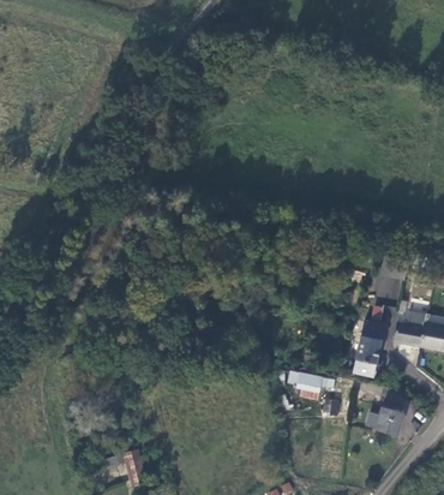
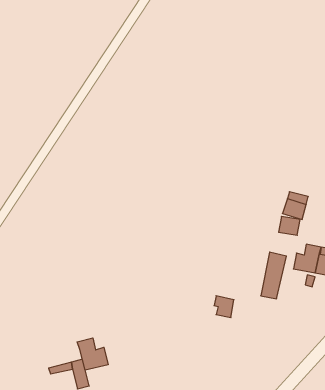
building: [366,404,403,434] -> none
building: none -> [77,338,108,370]

